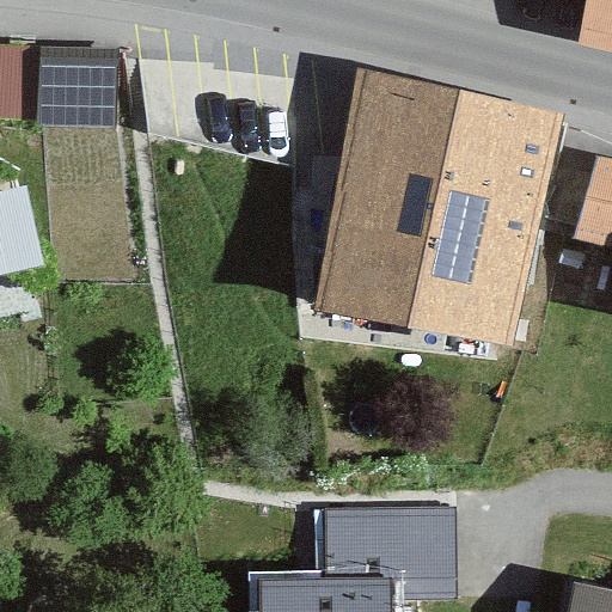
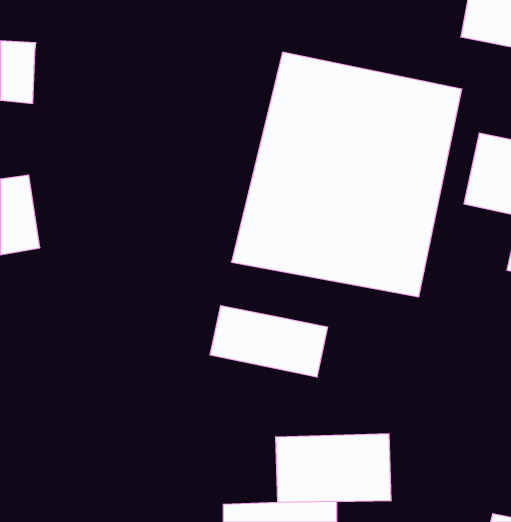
building: [53,61,121,129] -> none
building: none -> [210,306,328,377]

